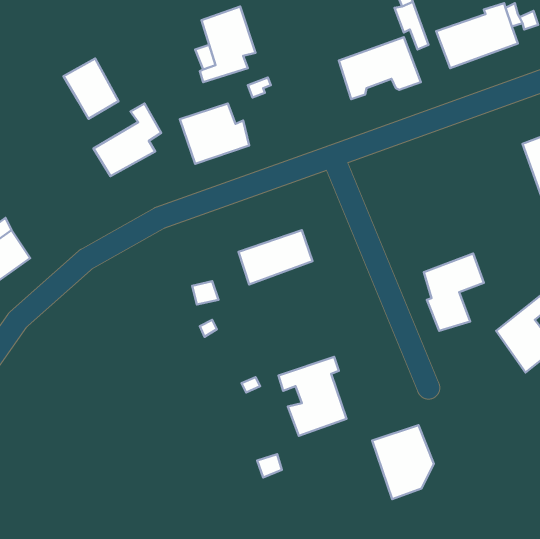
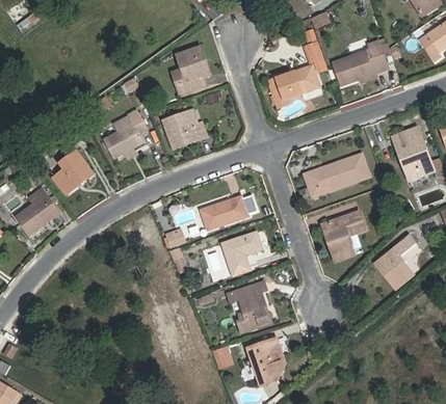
building: [64,59,118,119] -> none
building: none -> [51,150,95,196]
building: none -> [301,153,370,198]
building: none -> [220,230,263,275]
building: [372,425,434,499] -> [245,336,287,386]

